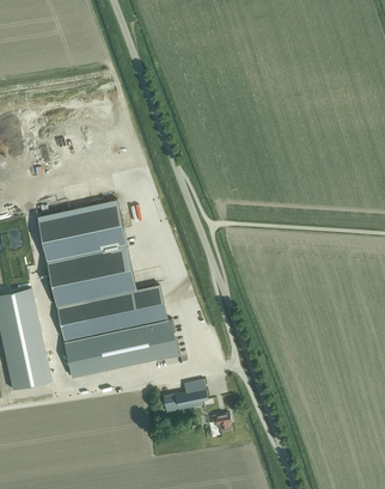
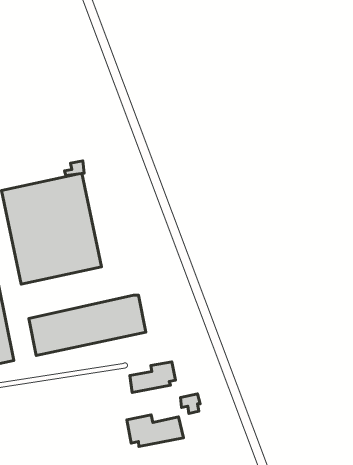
building: [57,286,166,341] -> none
building: none -> [127,415,183,446]

